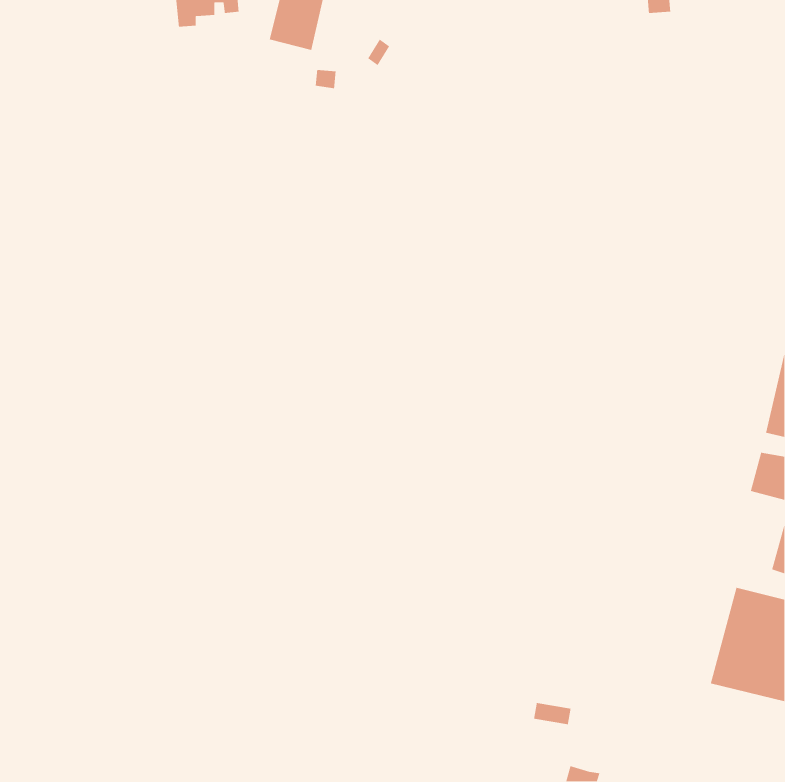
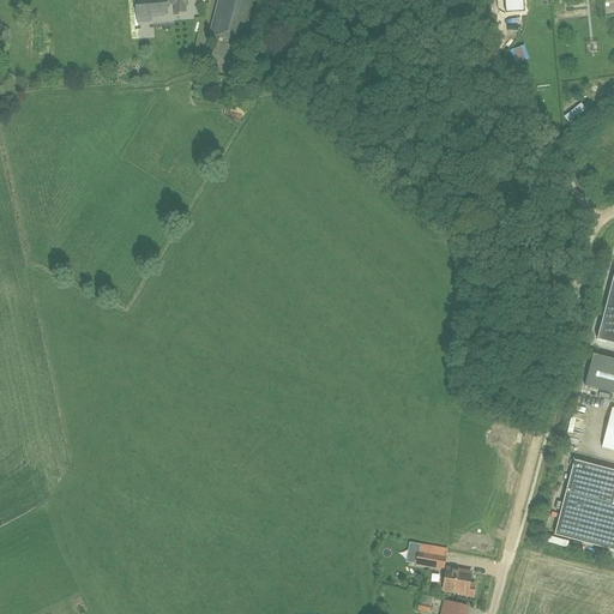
building: none -> [444,565,475,594]

